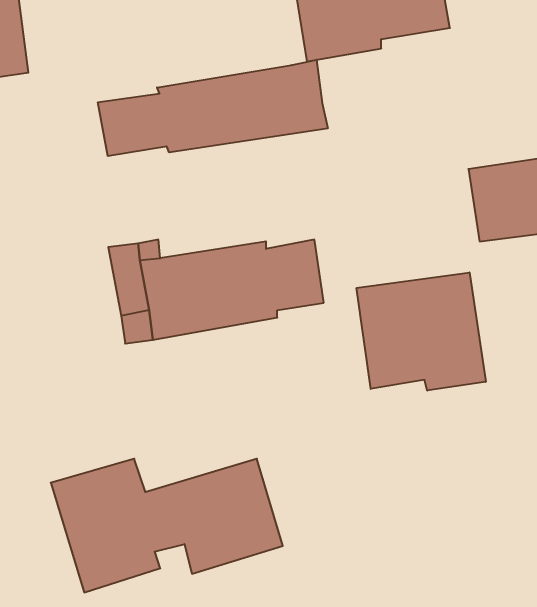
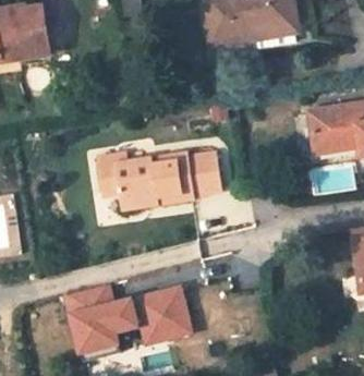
building: [98,60,328,156] -> none
building: [357,272,486,391] -> none

